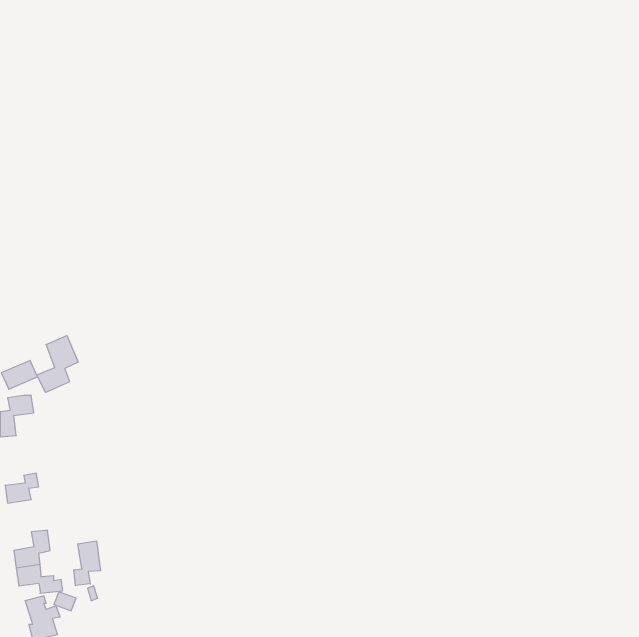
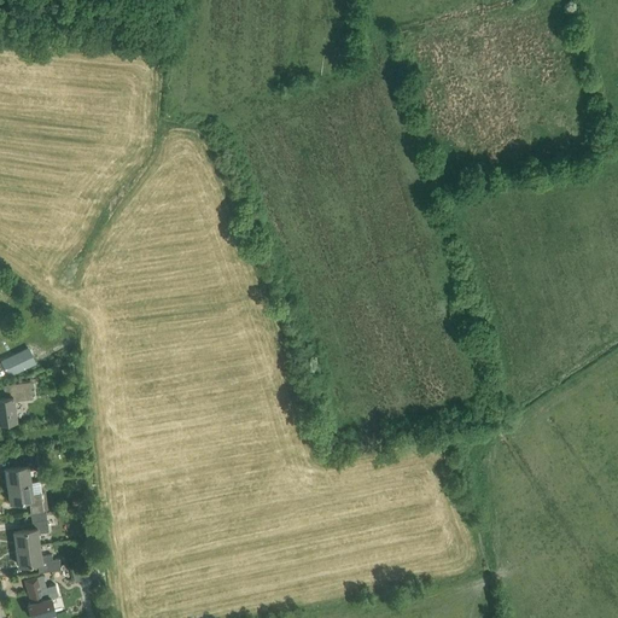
building: [37,335,78,392] -> none
building: none -> [7,484,43,515]
building: [74,541,100,586] -> none

